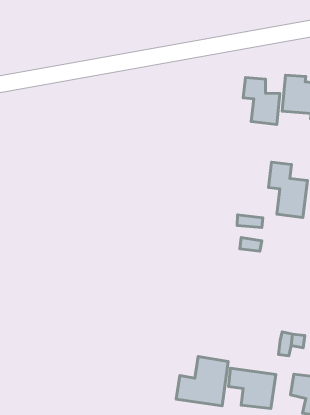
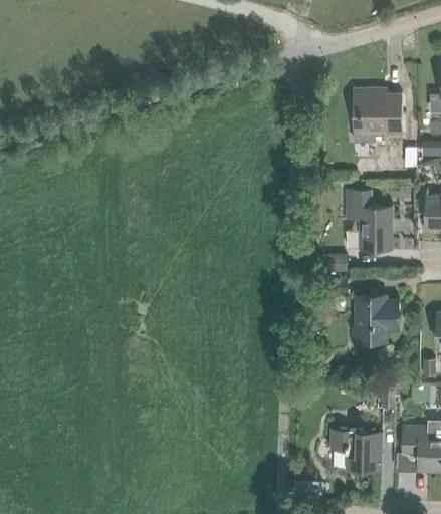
building: [243,77,280,125] -> none
building: none -> [353,295,398,339]
building: [176,357,228,406] -> none

